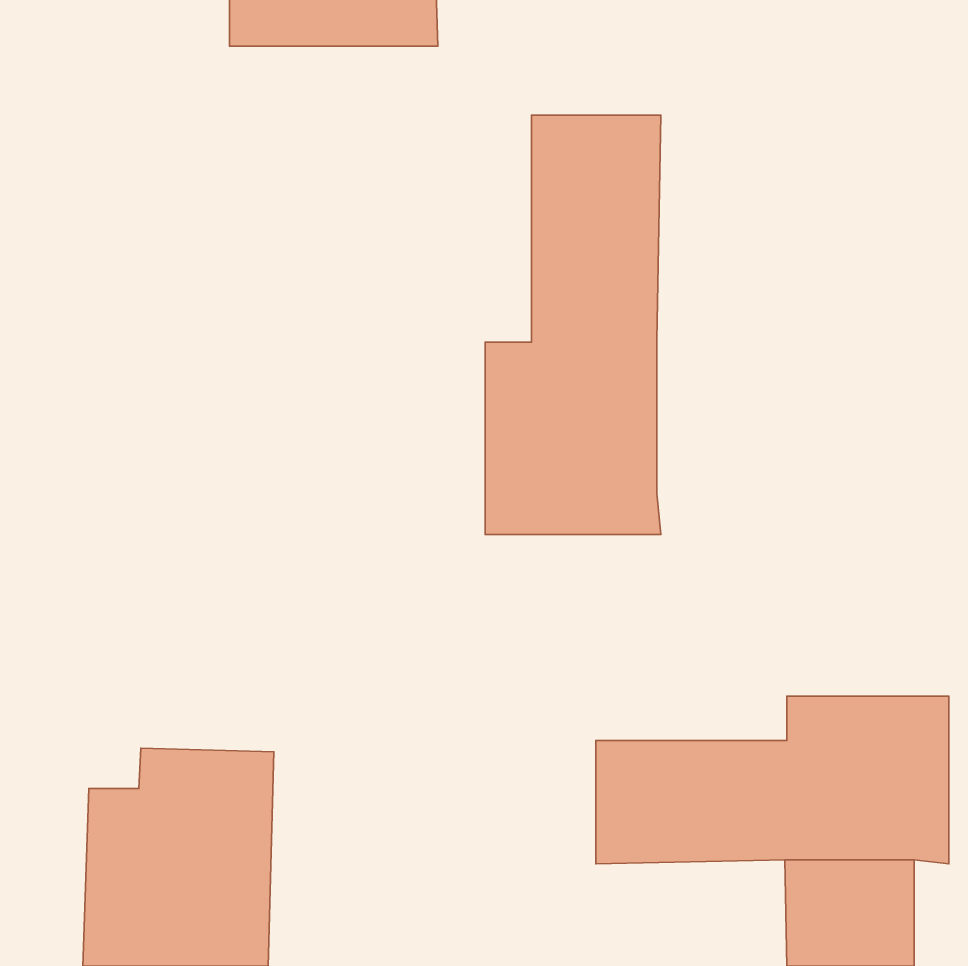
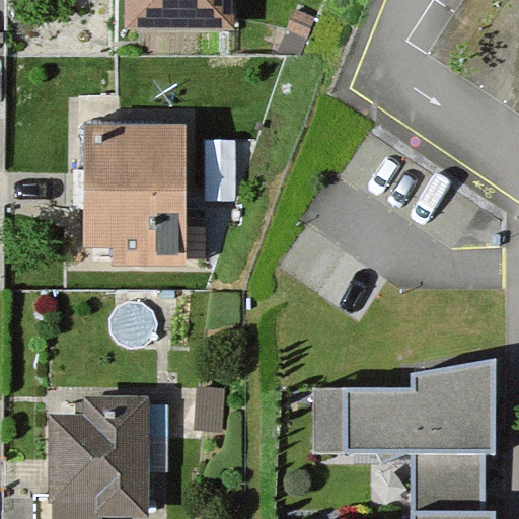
building: [485,115,661,535] -> none
building: none -> [86,127,192,274]

